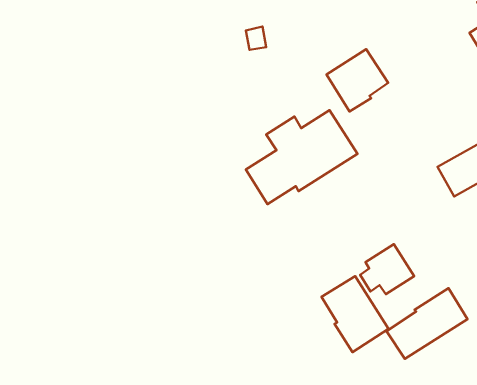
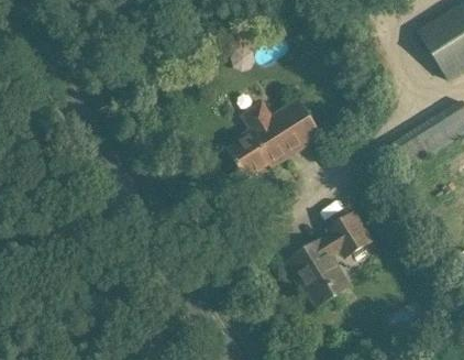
building: [326,49,388,112] -> none
building: [386,288,467,359] -> none

